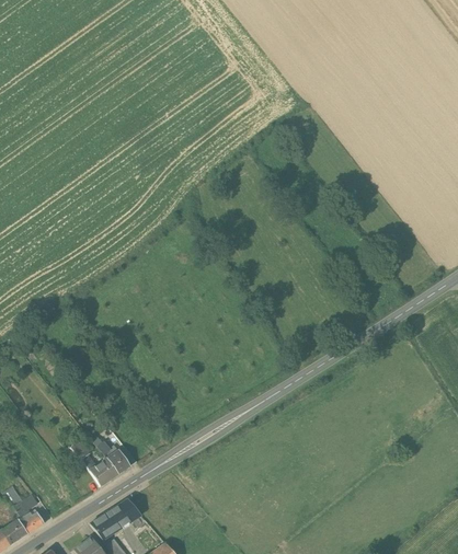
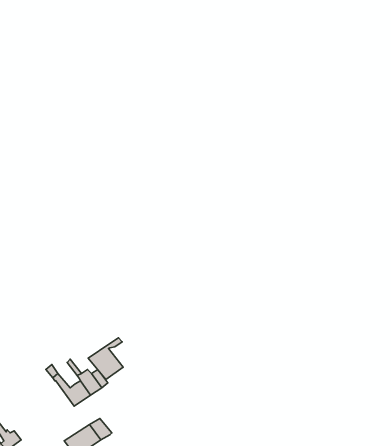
building: none -> [88,338,123,379]

